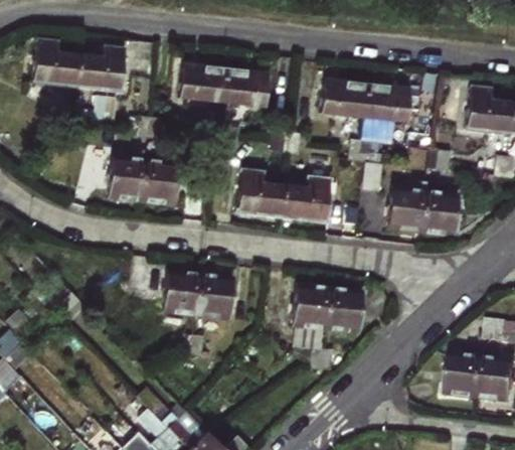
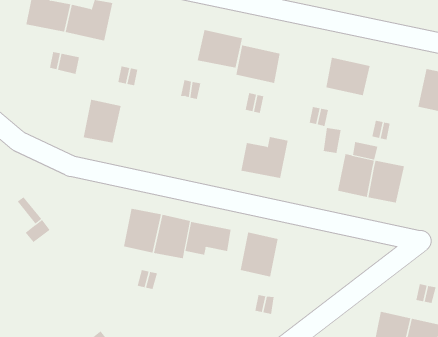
building: [181,63,227,103] -> none
building: [322,80,368,118] -> [236,45,281,84]
building: [142,160,180,205] -> none
building: [238,170,286,217] -> none
building: none -> [185,221,231,256]
building: [327,287,364,333] -> none

